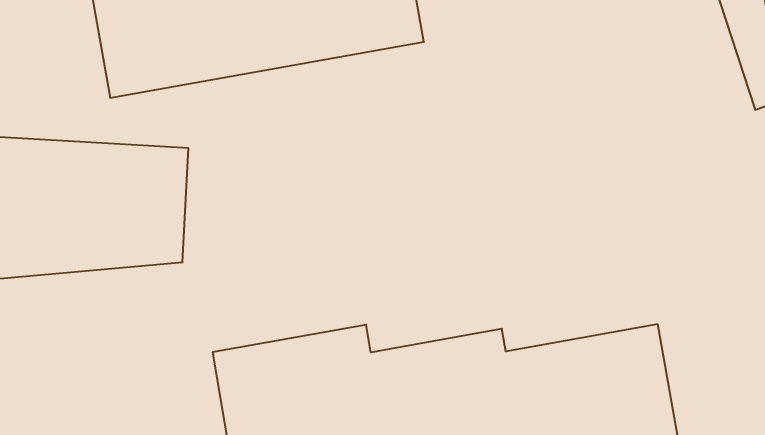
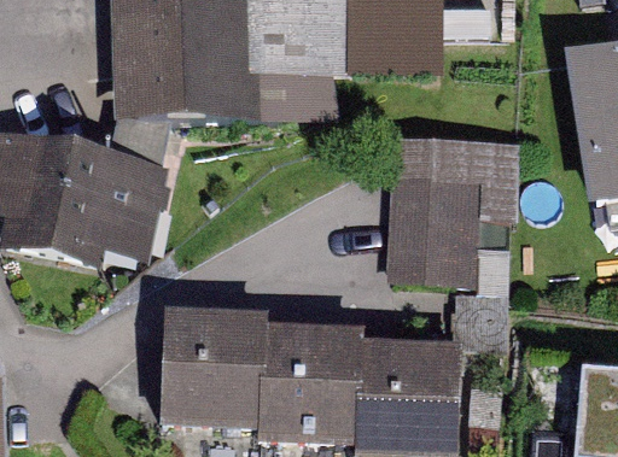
building: none -> [396,142,512,276]

